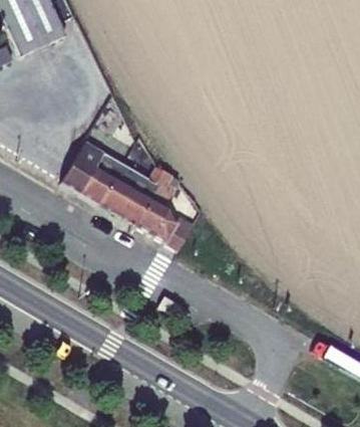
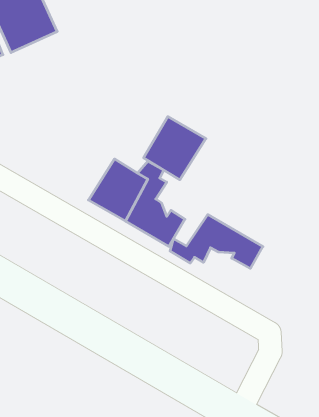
building: [62,141,124,204] -> [144,117,206,180]
building: none -> [170,215,263,268]

